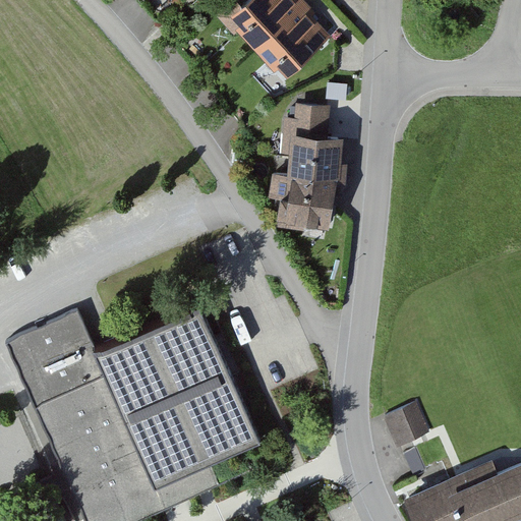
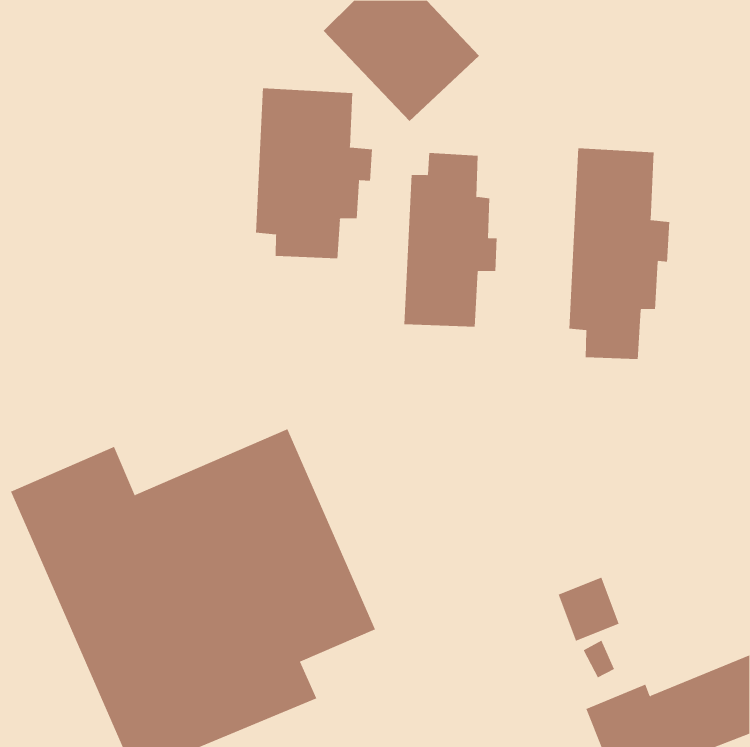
building: none -> [255,88,372,259]
building: none -> [569,147,670,360]

